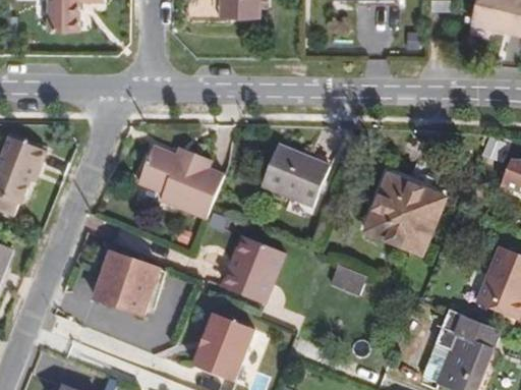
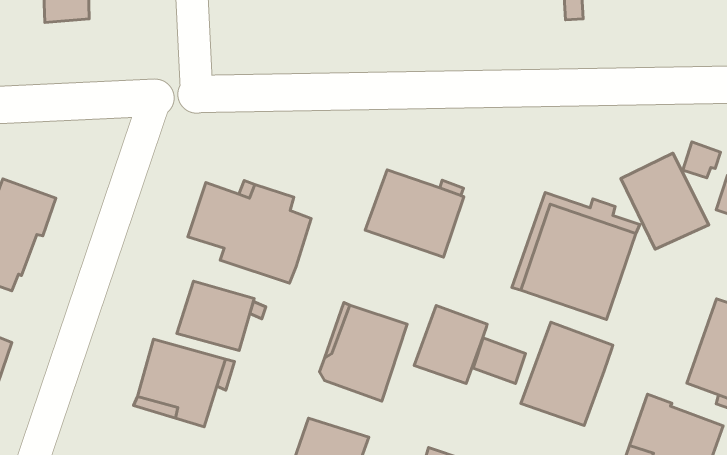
building: none -> [621,153,709,249]
building: none -> [177,281,254,350]
building: none -> [414,305,487,383]
building: none -> [521,322,613,426]

